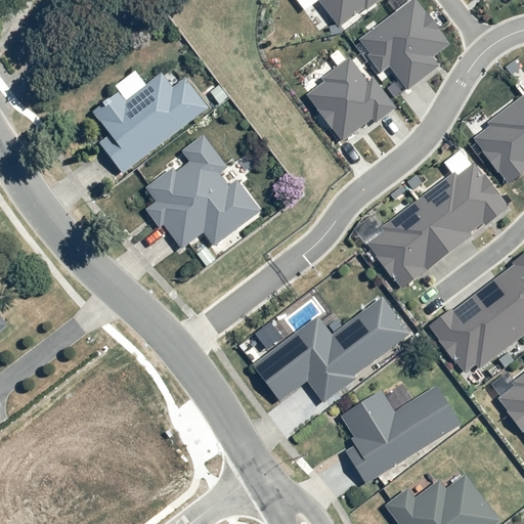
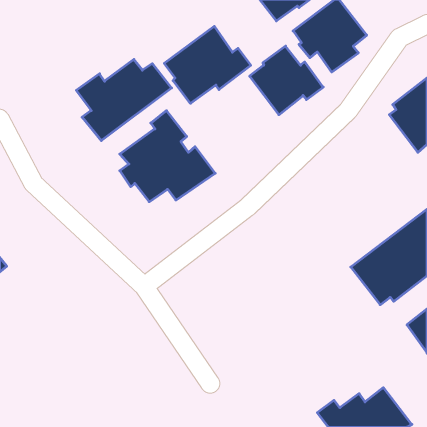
building: none -> [164,26,251,103]
building: [368,165,510,291] -> none
building: [255,296,410,400] -> none
building: [341,388,461,482] -> none

